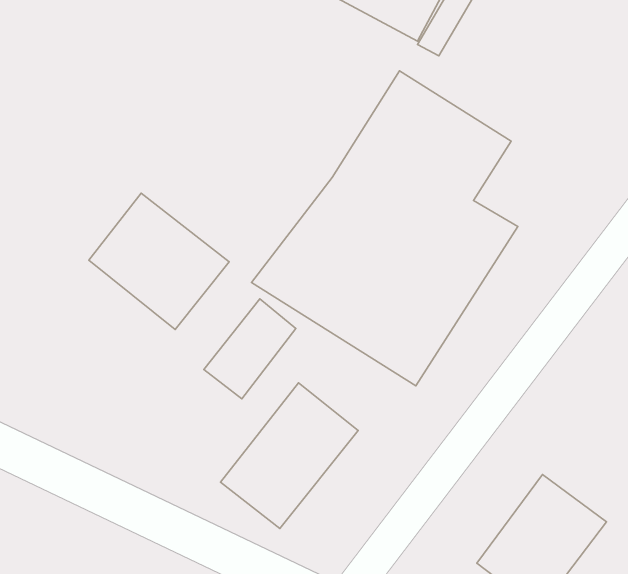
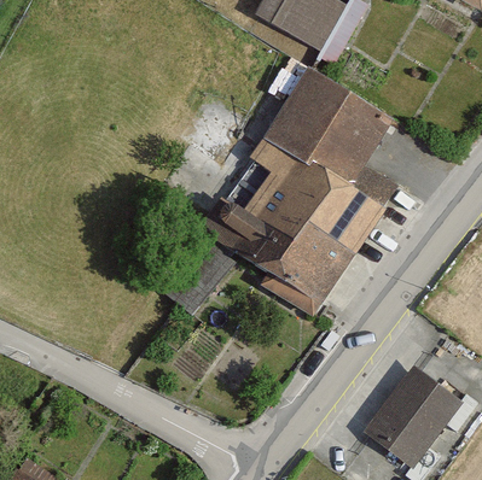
building: [89,193,229,330] -> none
building: [221,383,358,528] -> none

